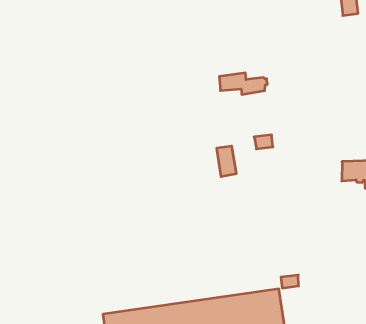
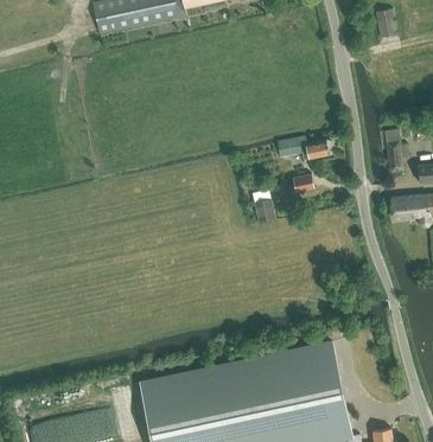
building: [219,73,267,94] -> [276,135,330,159]
building: none -> [384,128,408,171]

